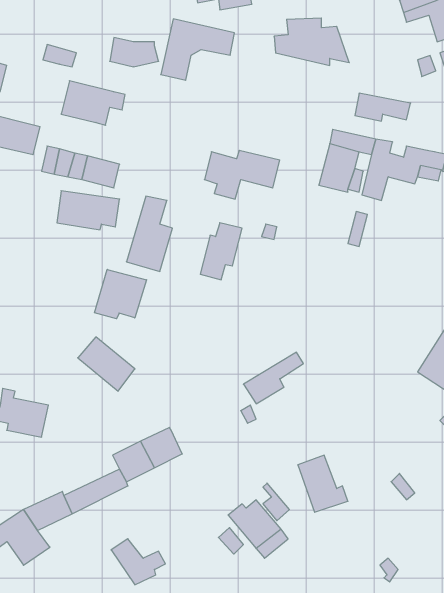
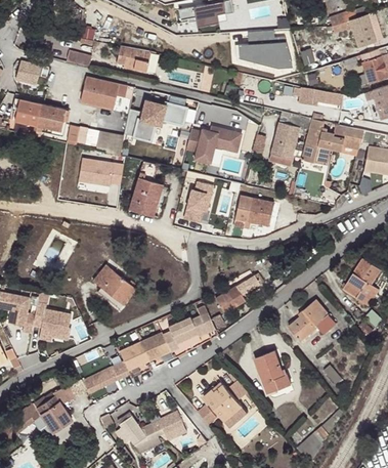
building: [161,19,234,80] -> [131,98,185,143]
building: none -> [232,196,273,229]
building: [95,269,147,319] -> none
building: none -> [288,300,335,342]
building: none -> [161,310,214,351]
building: none -> [152,411,183,436]

